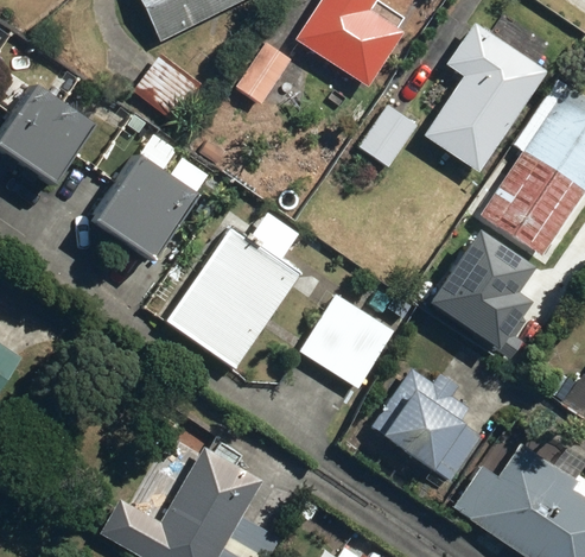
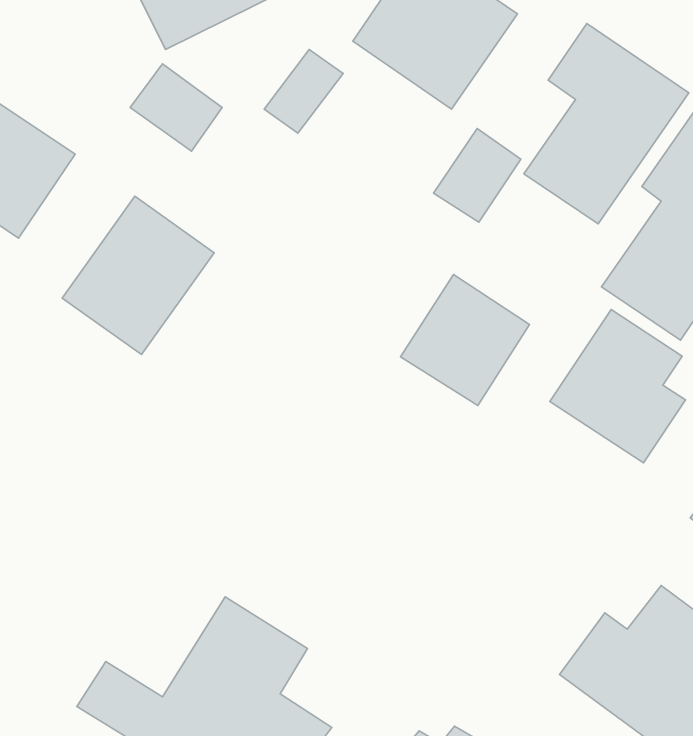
building: [164,220,305,371] -> none
building: [301,291,396,387] -> [400,275,530,405]
building: [369,365,485,488] -> none

